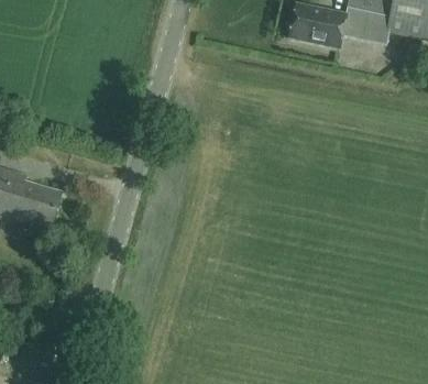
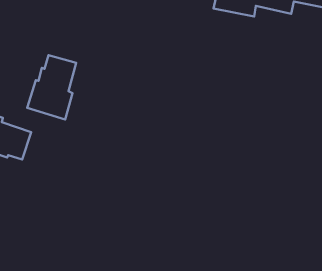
building: none -> [27,55,76,119]

